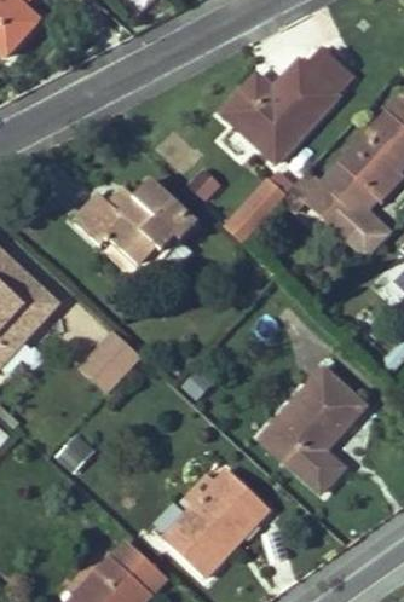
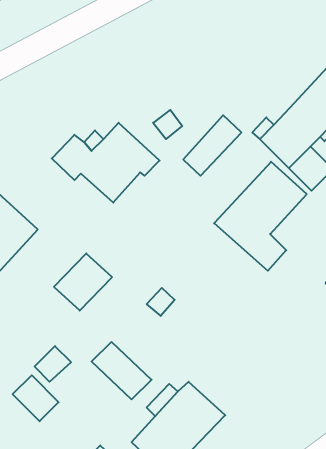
building: [223,50,353,162] -> none
building: [259,370,363,492] -> [214,162,307,271]
building: none -> [92,342,152,399]
building: none -> [13,375,59,421]

